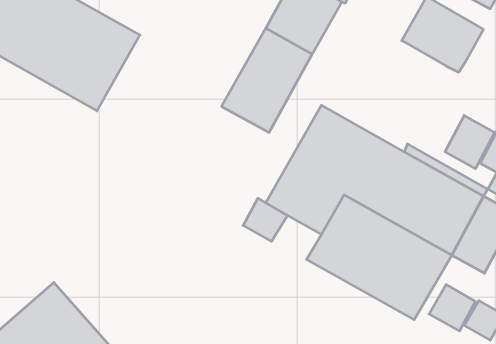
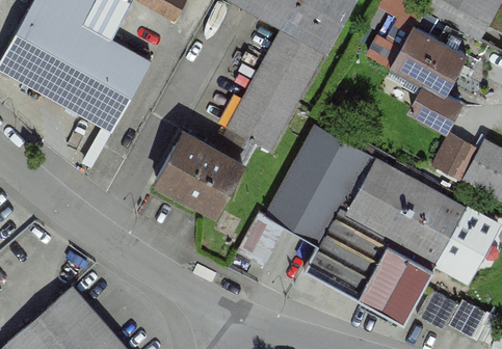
building: none -> [420,90,460,130]
building: none -> [156,132,244,213]

